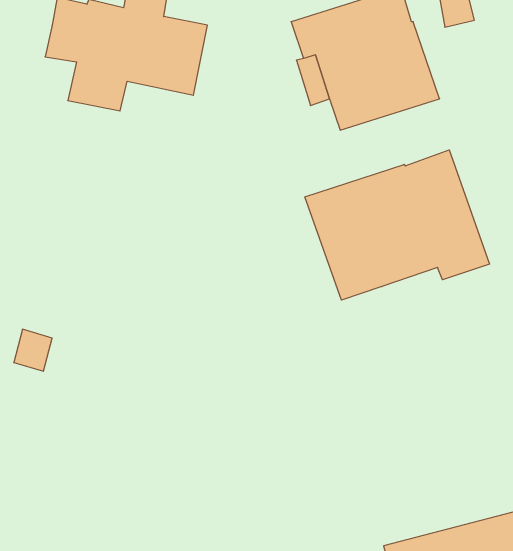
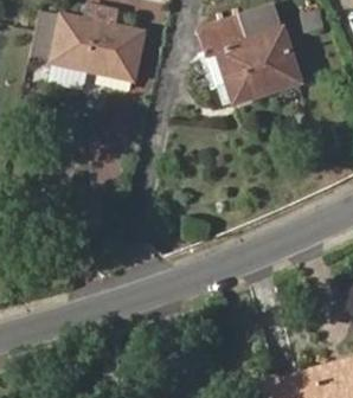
building: [305,150,490,300] -> none

